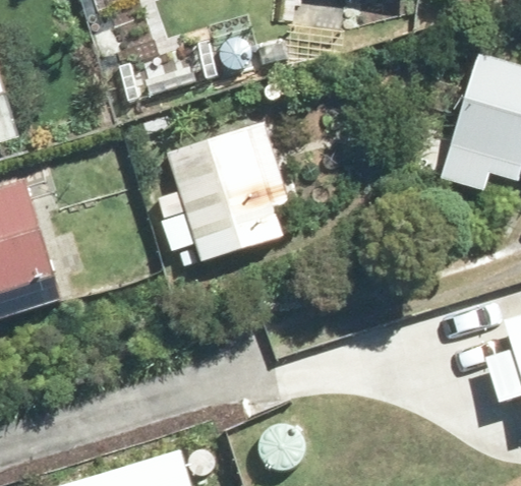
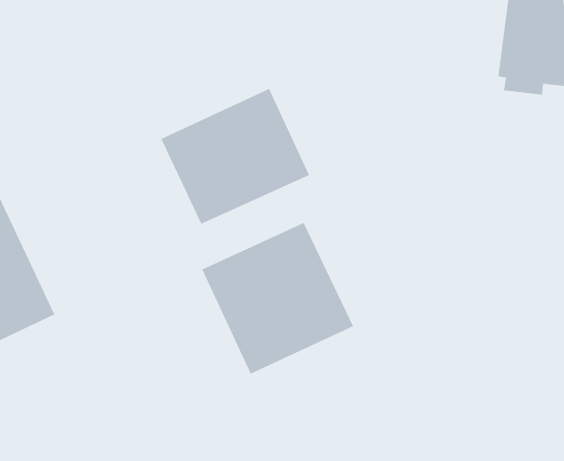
building: none -> [202,222,354,375]

